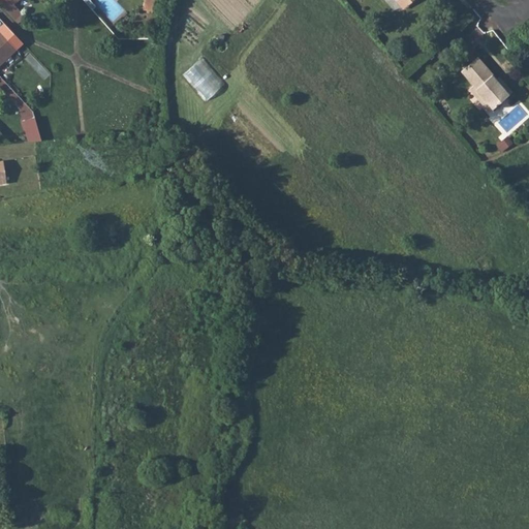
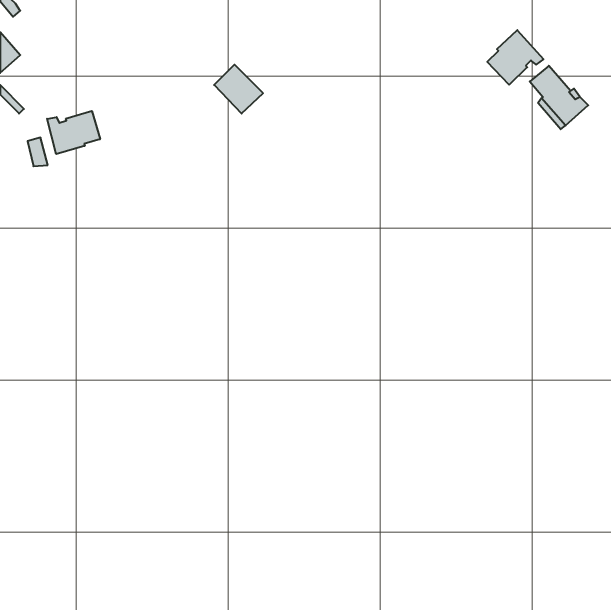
building: none -> [487,30,543,85]
building: none -> [47,111,100,154]

